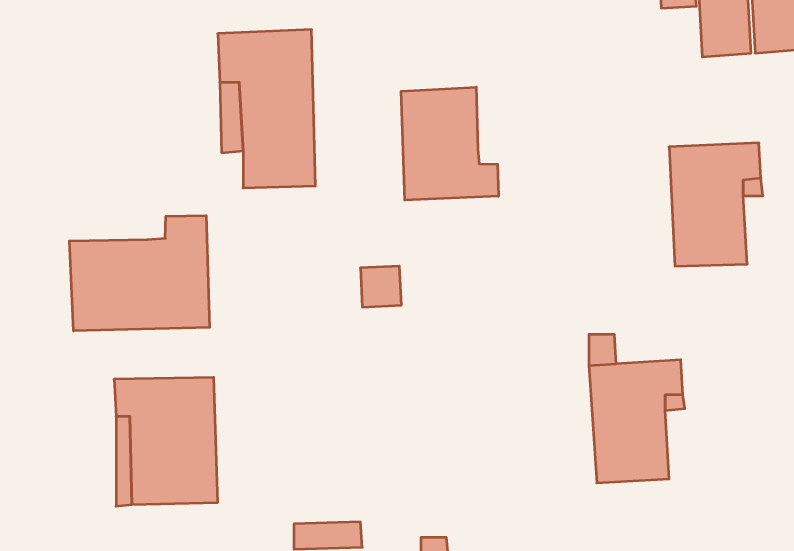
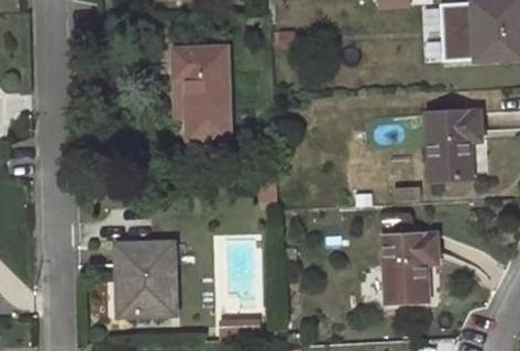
building: [401,87,498,200] -> none
building: [69,216,210,331] -> none

